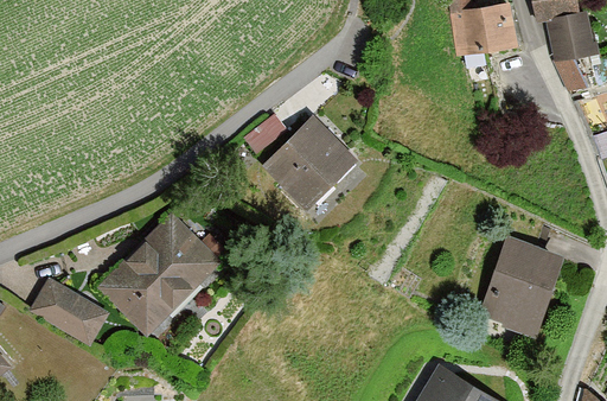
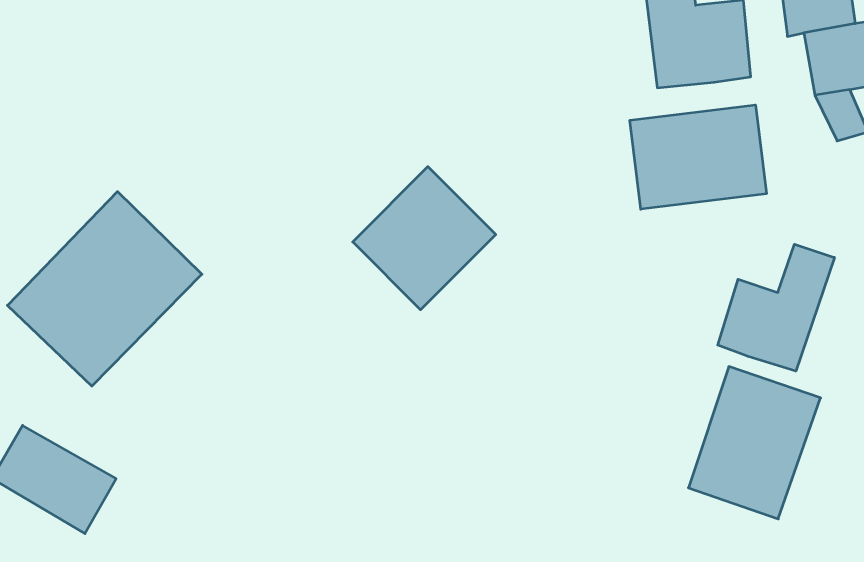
building: none -> [630,105,766,209]
building: none -> [718,244,834,371]
building: [94,212,219,338] -> [7,192,202,386]

